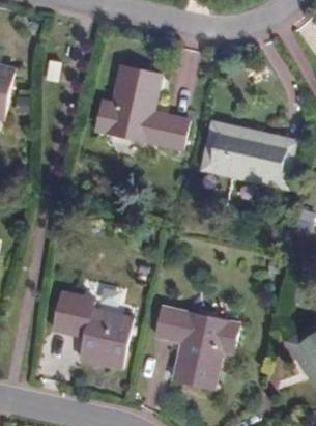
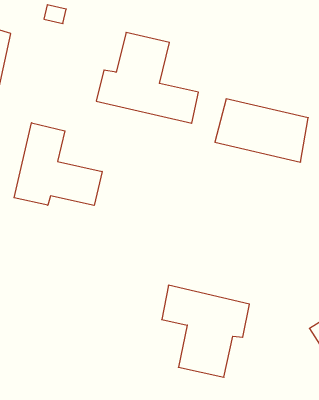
building: none -> [14,123,102,205]
building: [57,292,137,369] -> none

